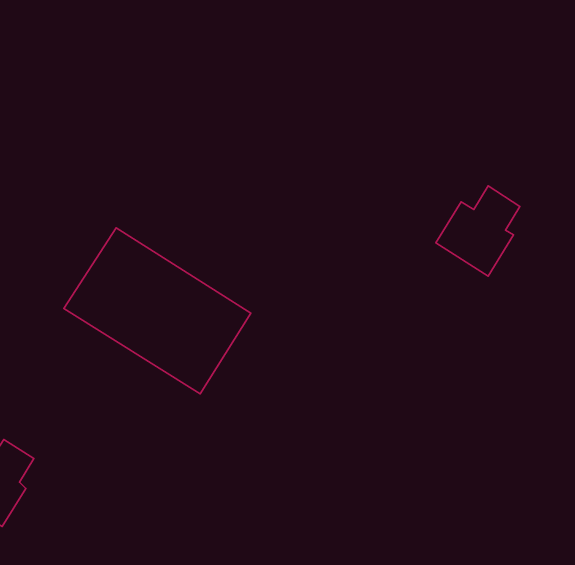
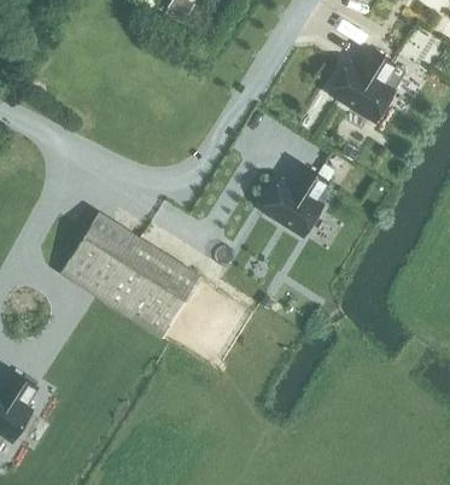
building: none -> [329,49,404,121]
building: [436,186,520,276] -> [262,166,326,235]

